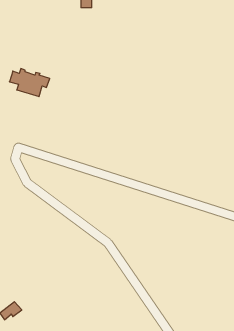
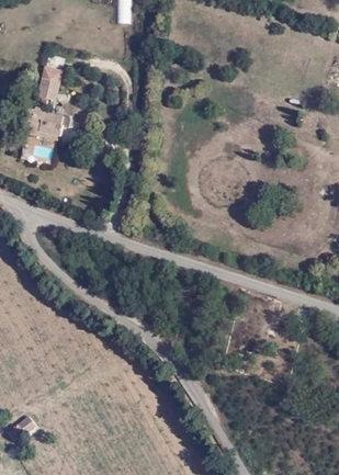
building: none -> [36,65,63,100]

